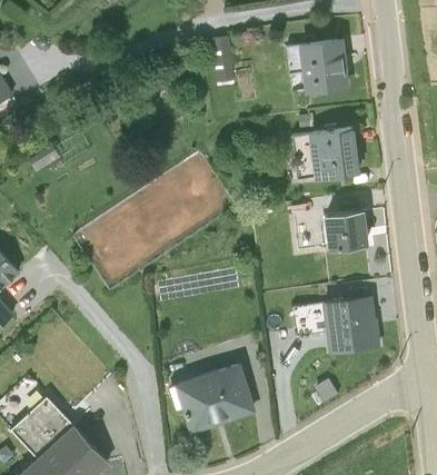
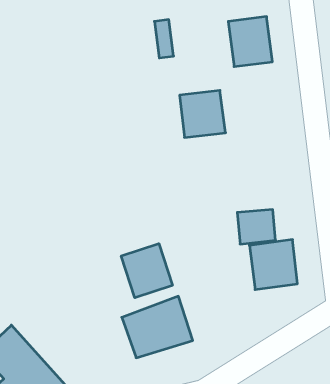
building: [306,127,359,181] -> [180,90,226,137]
building: [322,211,367,251] -> [237,210,276,244]
building: none -> [121,244,172,298]

